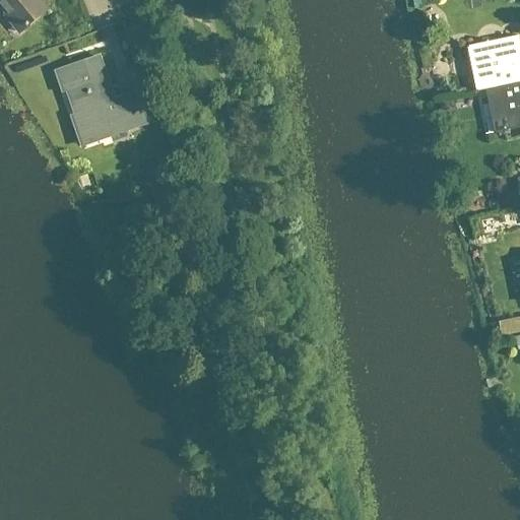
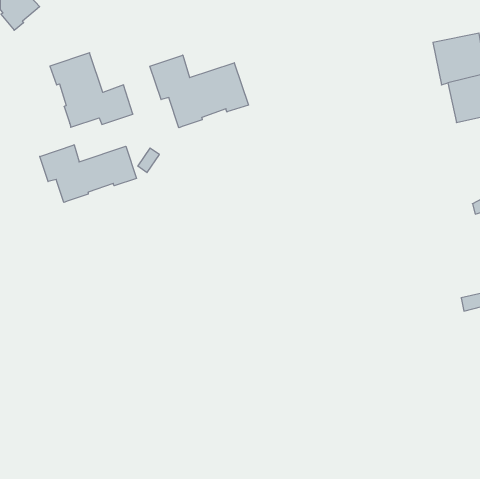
building: none -> [150,55,248,128]
building: none -> [40,145,137,202]

